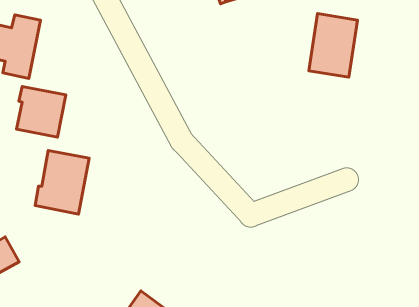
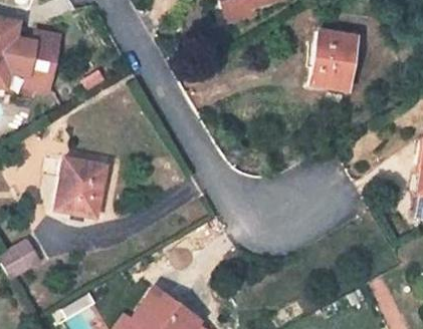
building: [17,87,66,137] -> none

